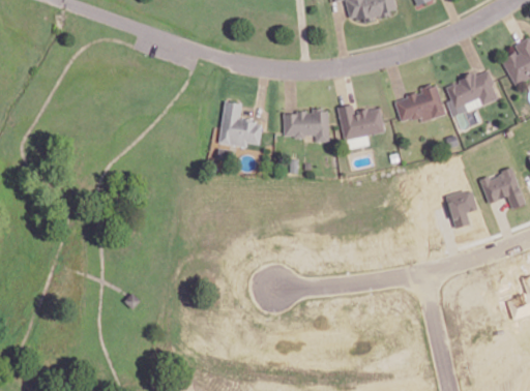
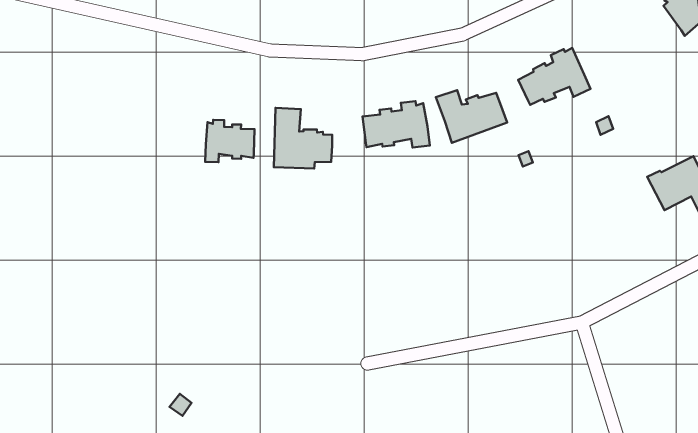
building: [446,71,496,116] -> none
building: none -> [205,120,254,162]
building: [446,192,475,230] -> none

